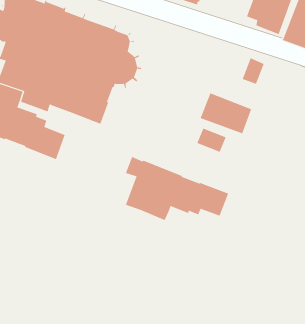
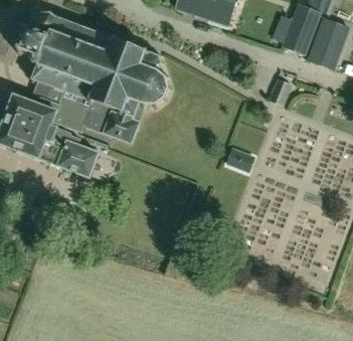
building: [200,92,252,134] -> none
building: [125,156,229,221] -> none

